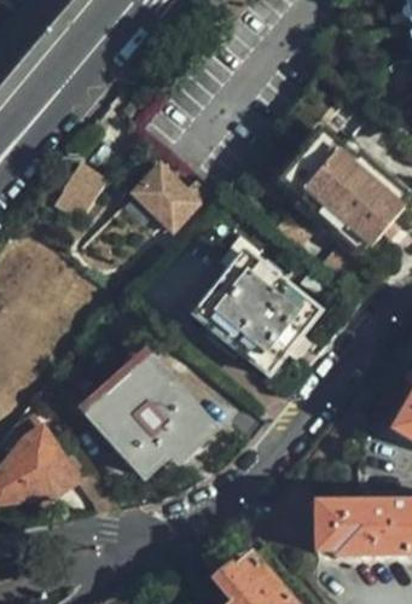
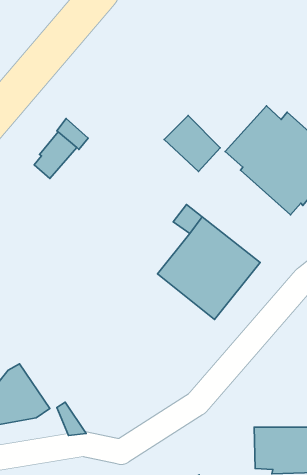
building: [132,164,197,230] -> [164,116,220,172]
building: [89,361,215,475] -> none

